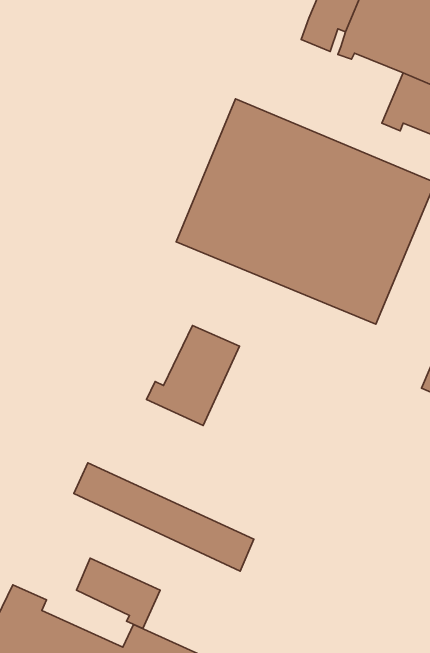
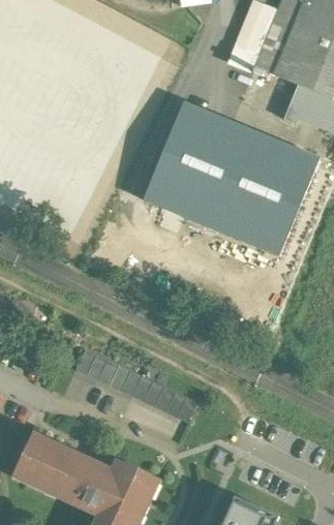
building: [147,326,240,425] -> none
building: [76,558,160,629] -> none

